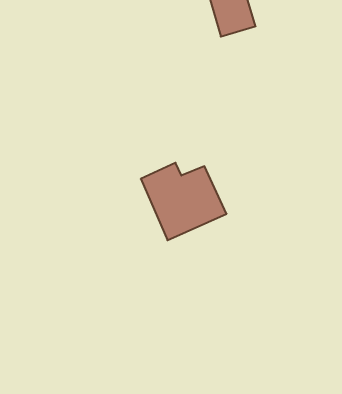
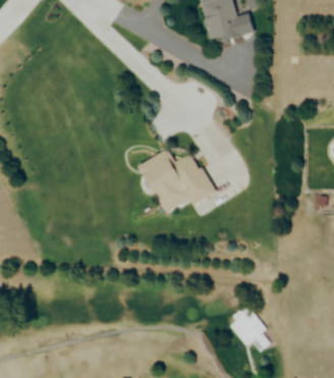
building: none -> [230,309,276,349]

